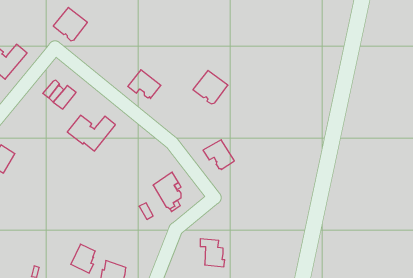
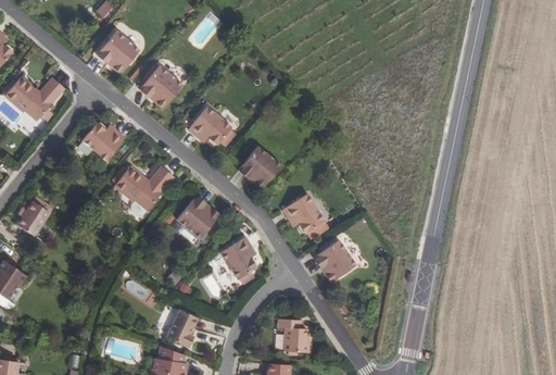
building: none -> [138,65,182,107]
building: [193,70,228,104] -> [236,146,279,187]
building: none -> [175,196,217,239]
building: none -> [313,240,355,280]
building: [71,244,95,273] -> [166,310,197,346]

